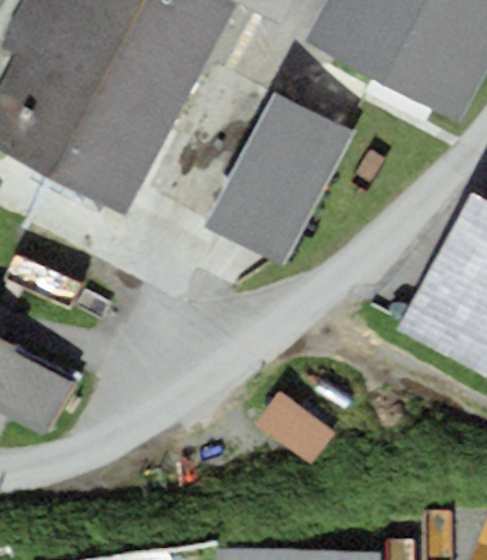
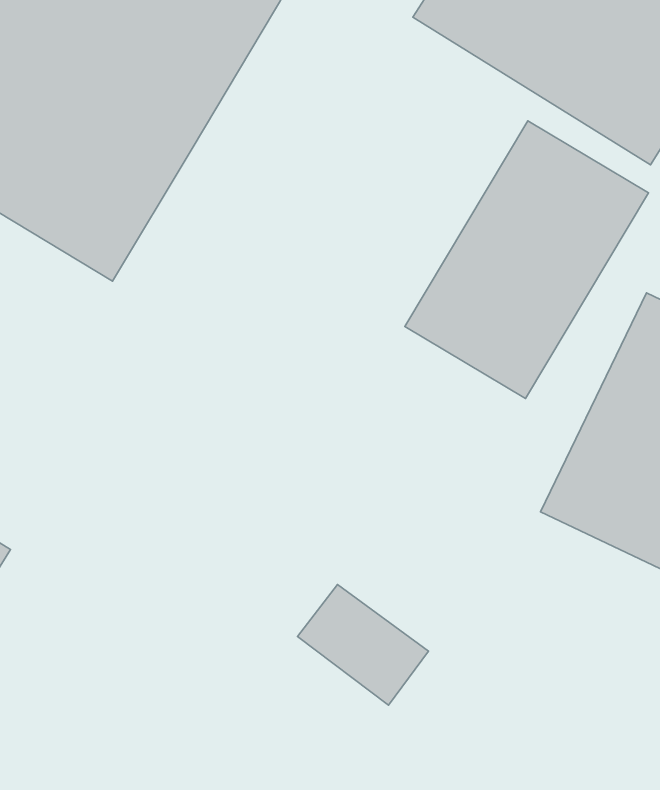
building: [206,90,352,262] -> [405,121,648,398]

